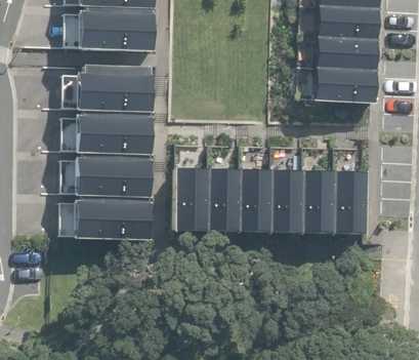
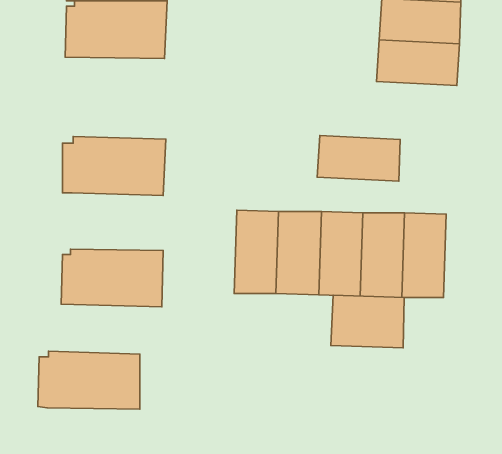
building: [75,66,153,113] -> none
building: [311,69,375,104] -> [317,136,400,181]
building: [73,154,151,198] -> [38,351,140,409]
building: [173,167,207,231] -> none
building: none -> [331,295,404,348]

